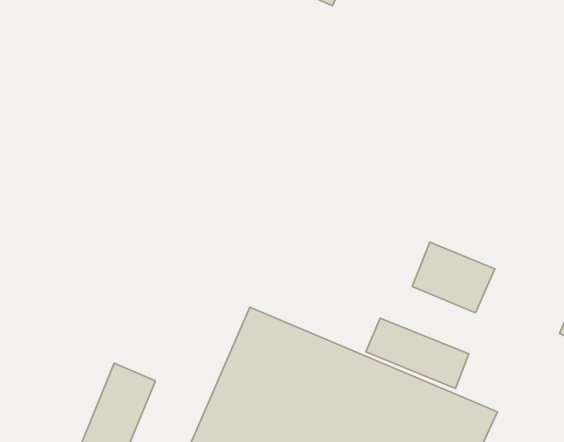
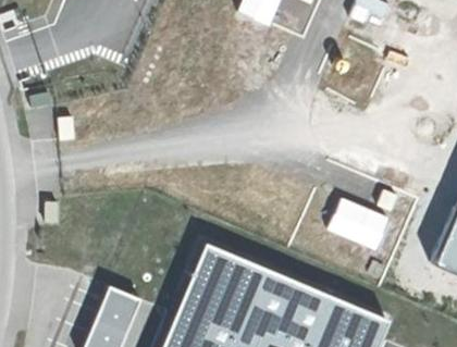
building: [366,318,469,389] -> none

